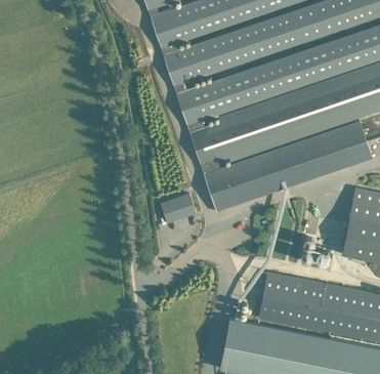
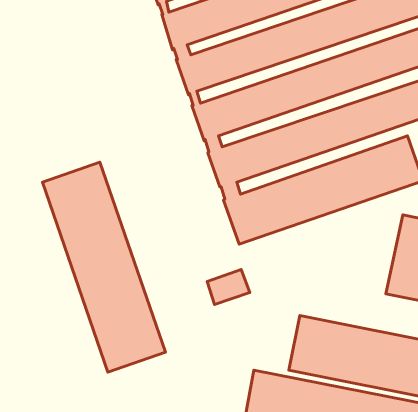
building: none -> [43,162,165,372]
building: [161,193,197,222] -> [207,269,250,305]

